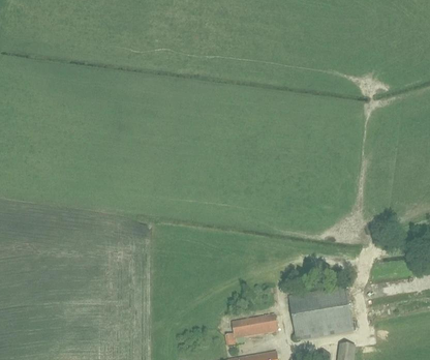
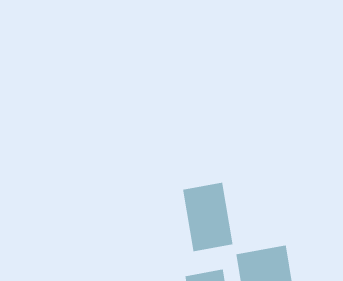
building: none -> [183,182,233,252]

